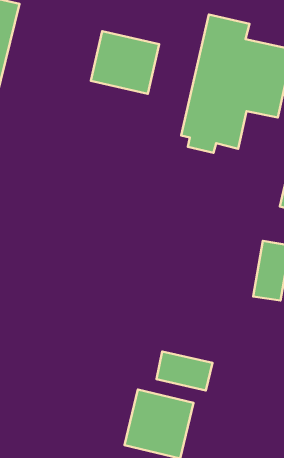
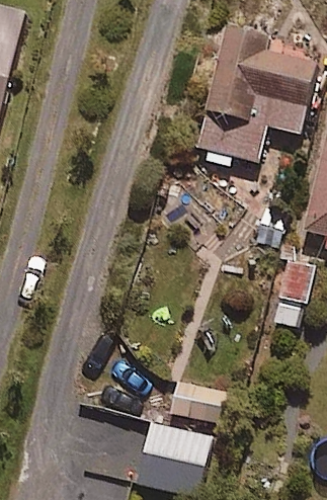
building: [91,31,159,94] -> none

